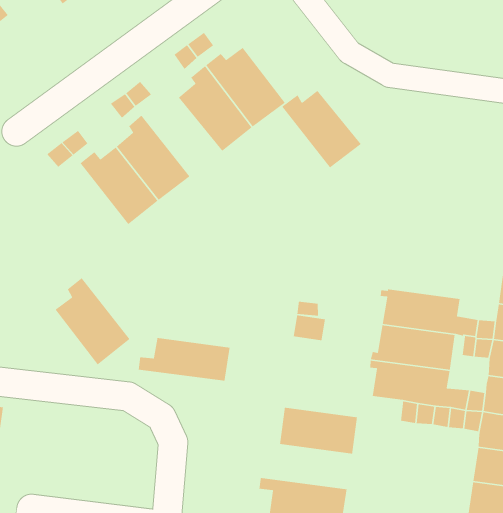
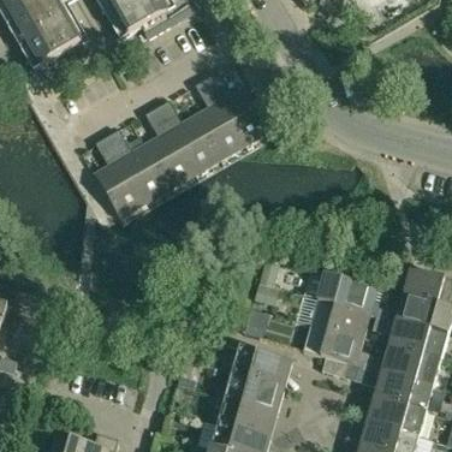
building: [281,90,362,169] -> [167,115,221,173]
building: [54,277,131,366] -> [95,153,147,218]
building: [138,337,230,382] -> [216,374,285,412]

